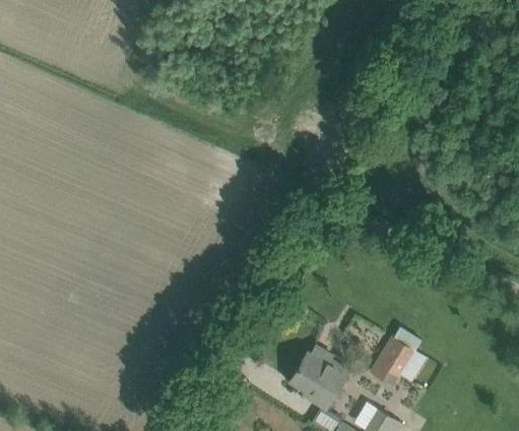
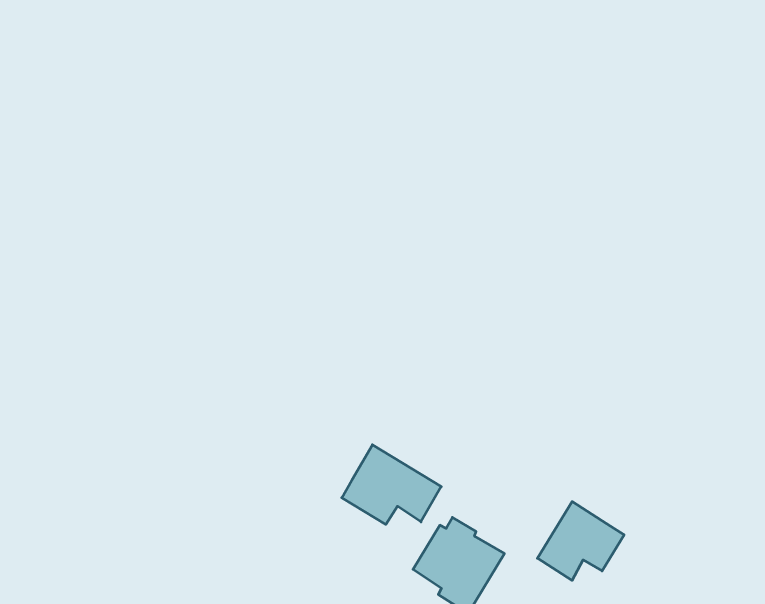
building: none -> [342,445,441,524]

